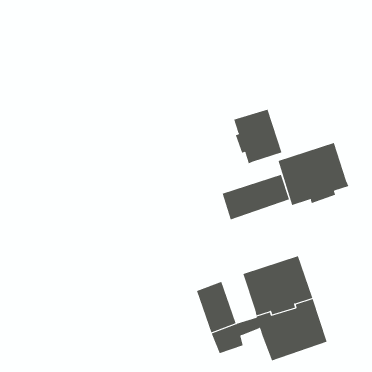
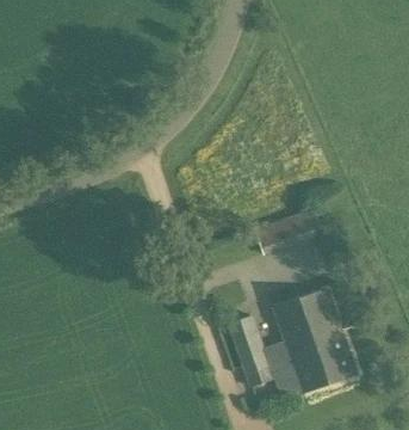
building: [234,109,282,164] -> none
building: [278,142,349,206] -> none

